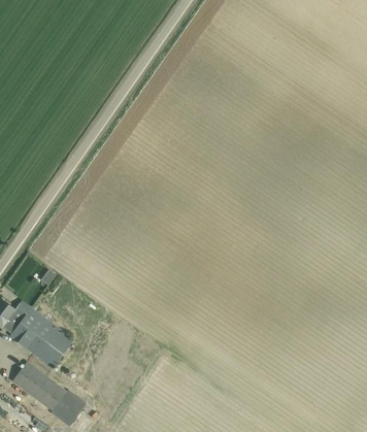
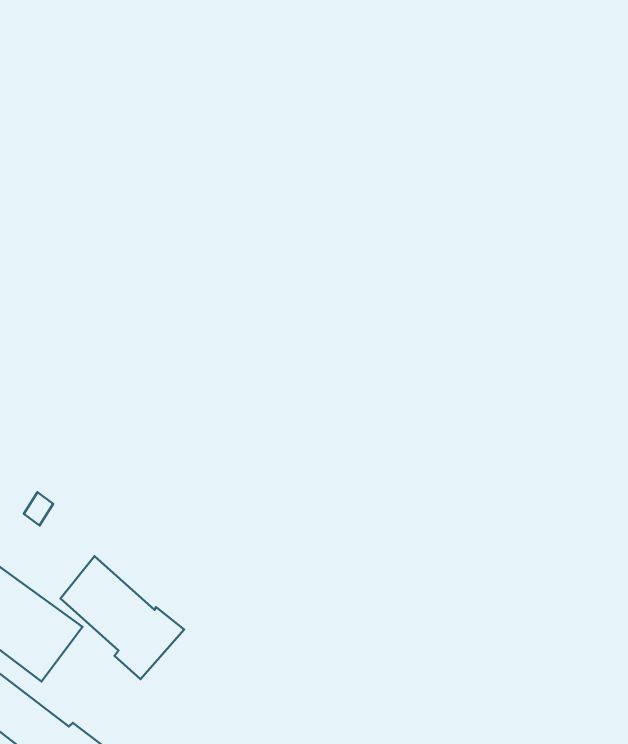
building: none -> [60,556,184,679]

